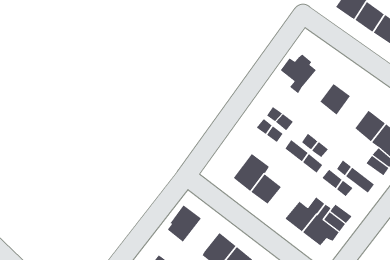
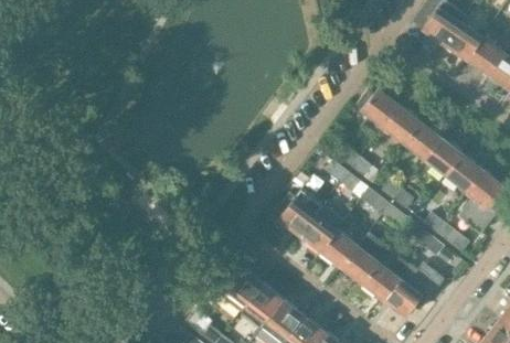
building: none -> [383,106,421,143]
building: none -> [425,137,463,175]
building: none -> [278,189,322,235]
building: none -> [342,234,381,283]
building: none -> [241,283,284,322]

